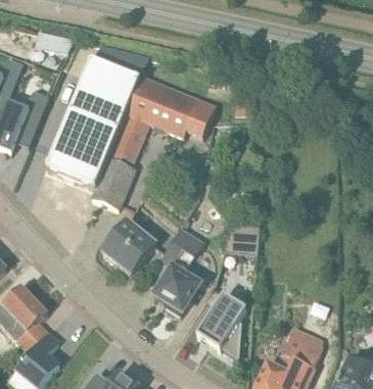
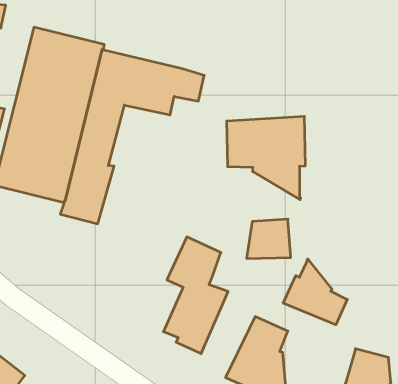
building: none -> [227,116,305,200]
building: [102,220,156,274] -> none
building: none -> [283,259,347,325]

